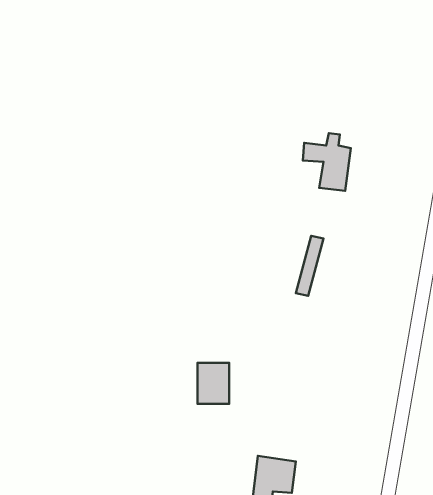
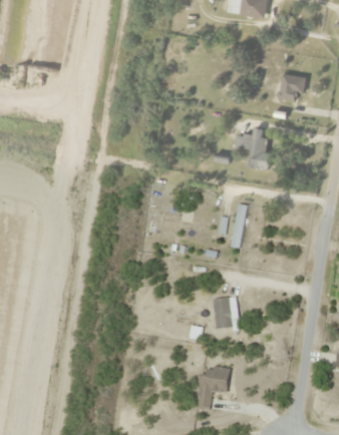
building: none -> [276,72,306,104]
building: [198,363,229,404] -> [215,297,238,327]

